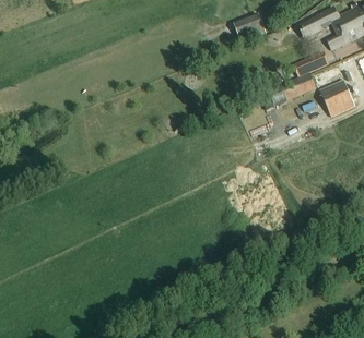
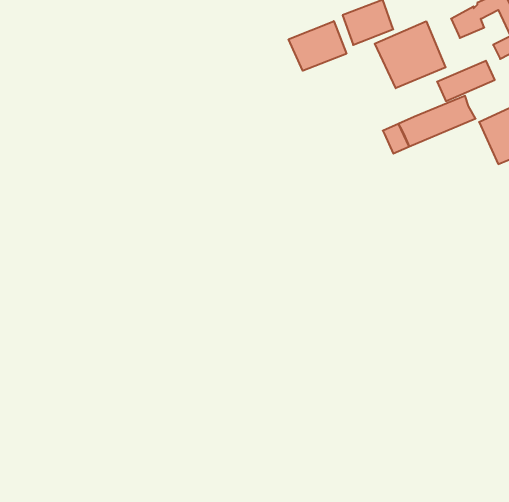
building: none -> [289,21,346,71]
building: none -> [375,21,446,88]

